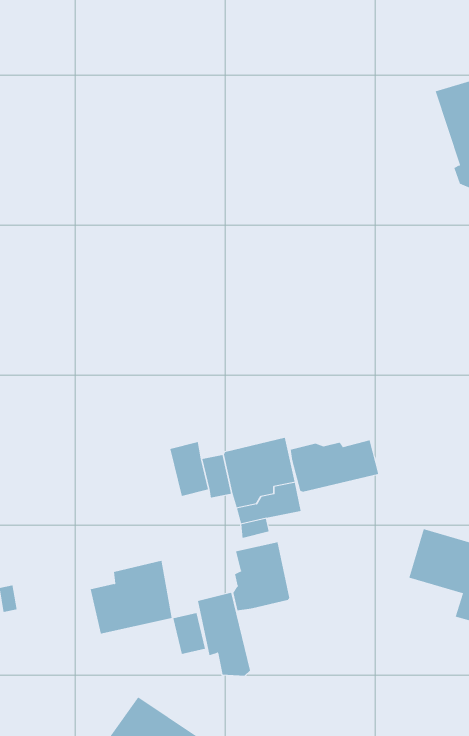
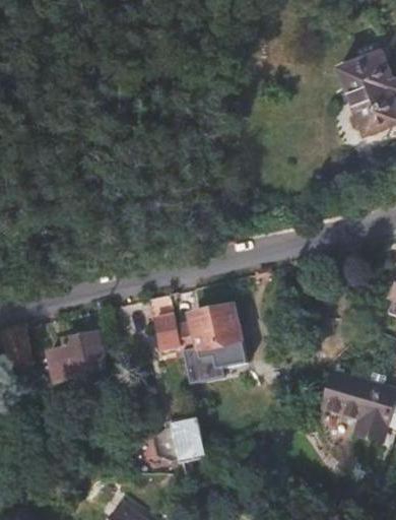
building: [290,440,379,493] -> none
building: [233,541,290,611] -> none
building: [90,560,172,634] -> [46,332,104,384]

